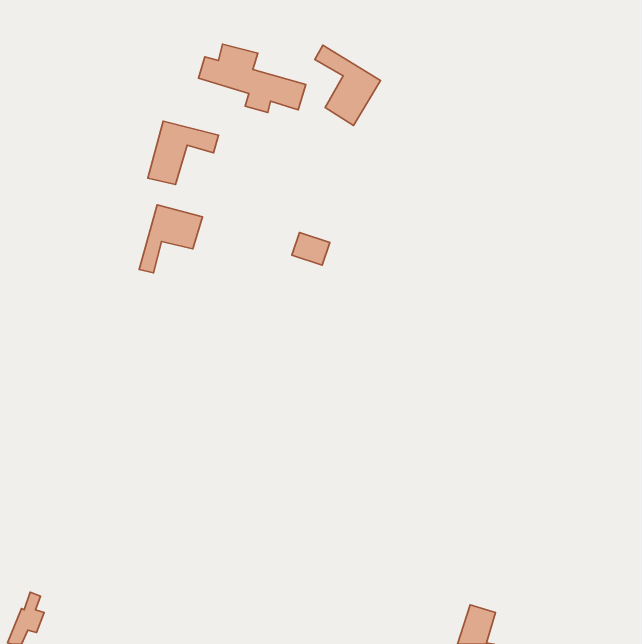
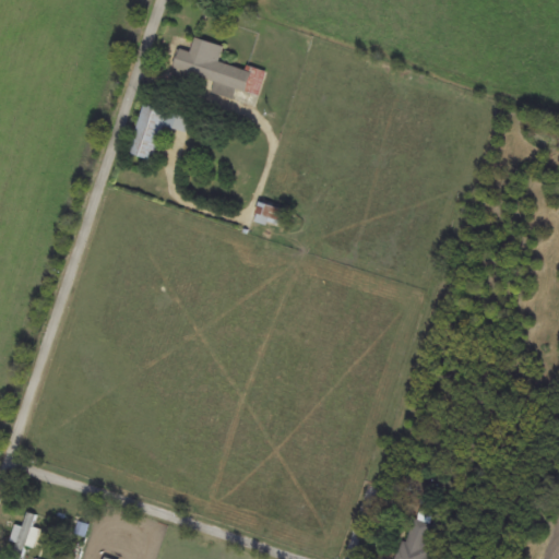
building: [315,45,381,126] -> none
building: [139,205,202,273] -> none

